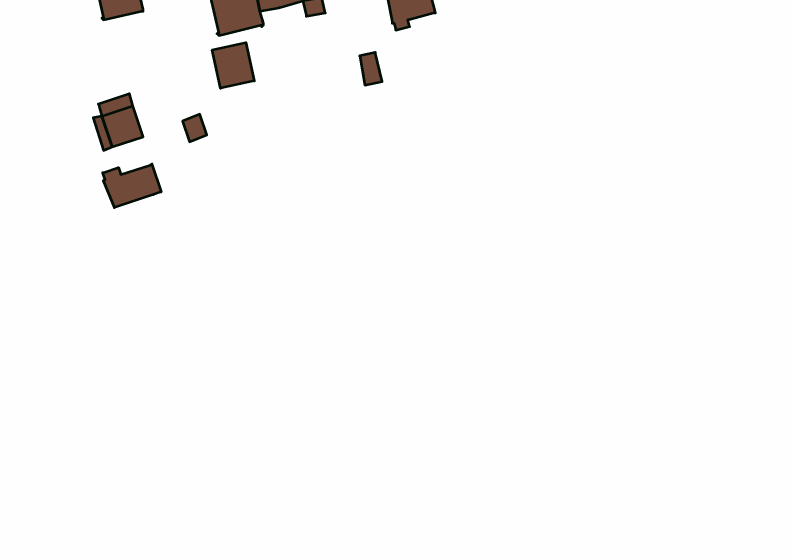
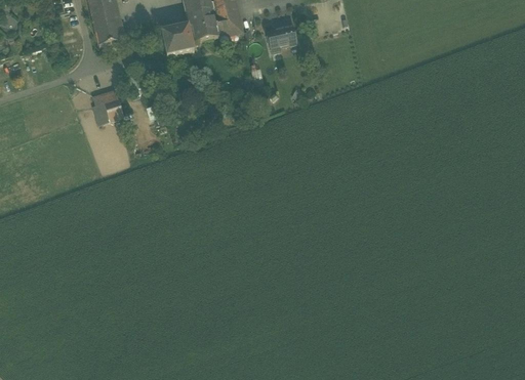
building: [212,43,254,88] -> none
building: [103,164,161,208] -> none

